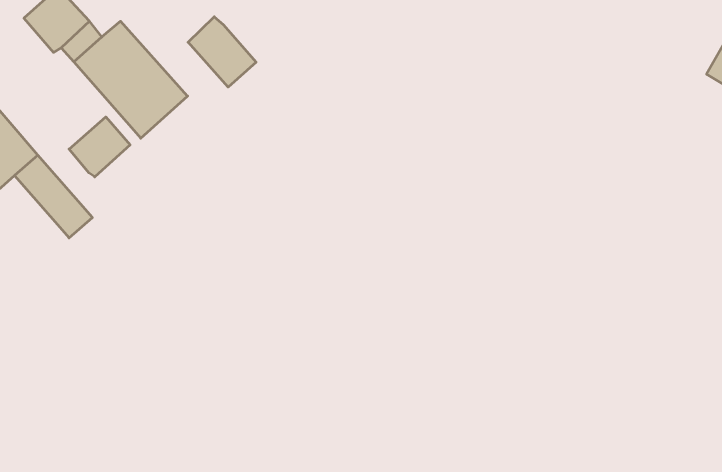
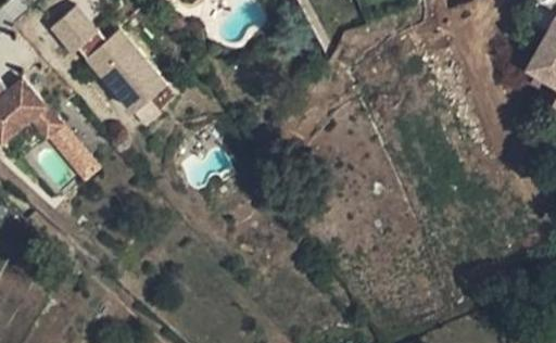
building: [188,17,256,87] -> none
building: [69,117,130,177] -> none

